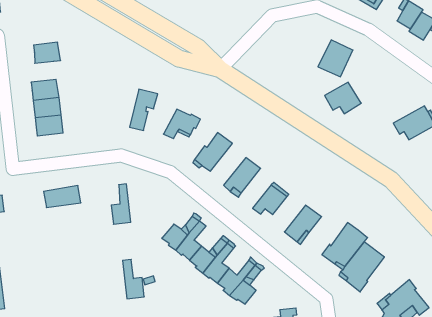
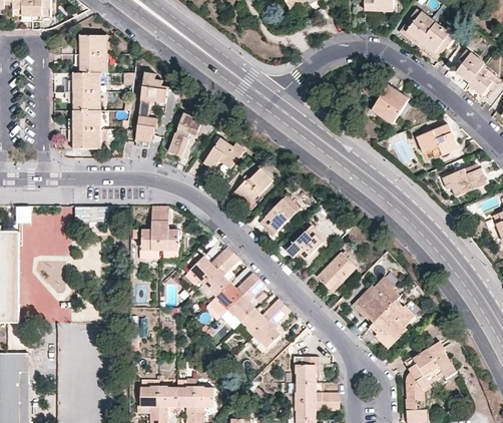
building: none -> [78,36,104,54]
building: none -> [133,71,167,141]
building: none -> [72,73,98,92]
building: [325,82,361,114] -> [416,126,453,158]
building: [123,259,144,299] -> [158,208,176,249]

